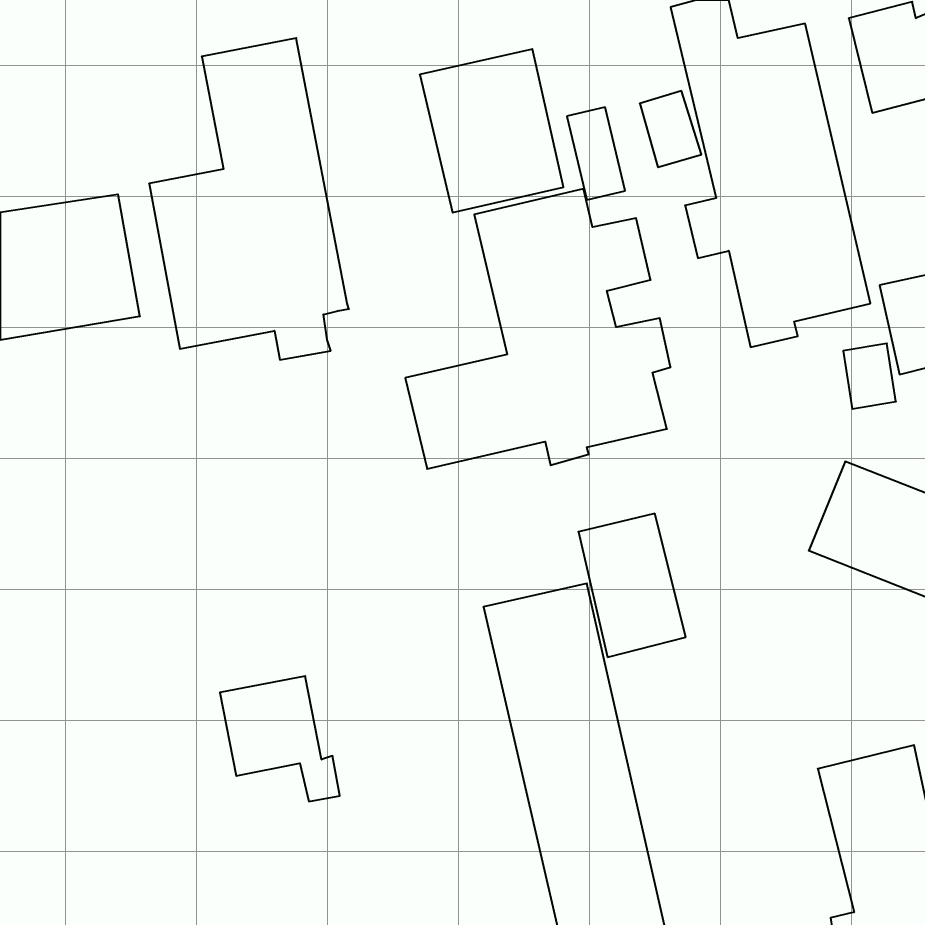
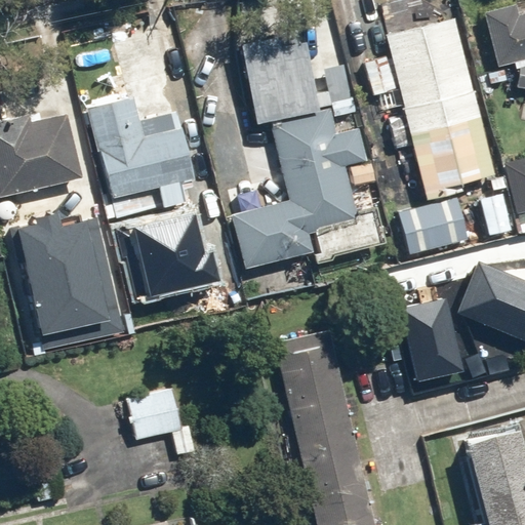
building: none -> [397,203,466,253]
building: none -> [123,218,218,297]
building: none -> [23,226,129,345]
building: [578,514,686,657] -> [404,302,465,383]

